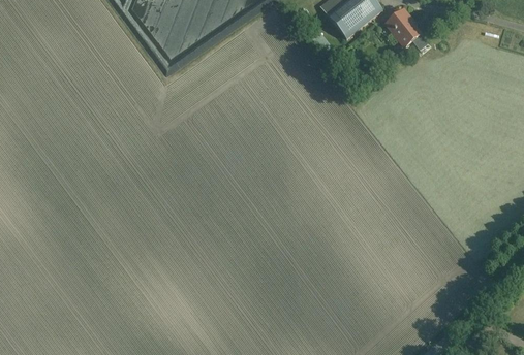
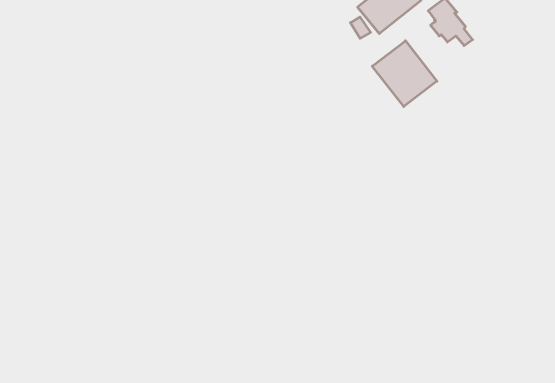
building: none -> [372,41,437,107]

